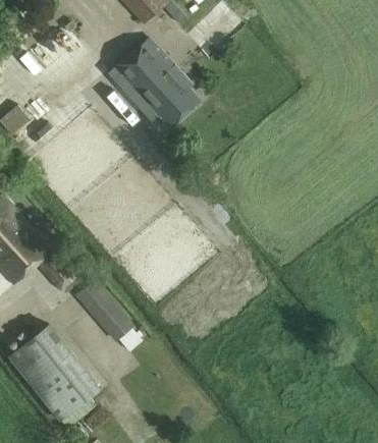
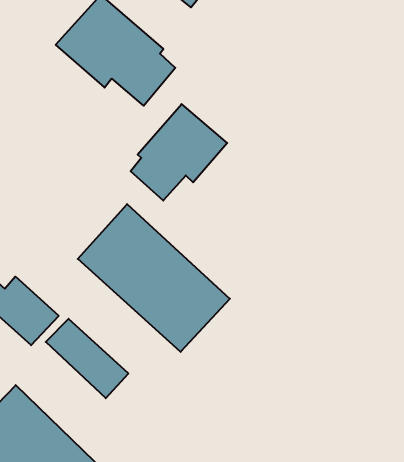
building: none -> [131,104,227,201]
building: none -> [78,204,230,352]

